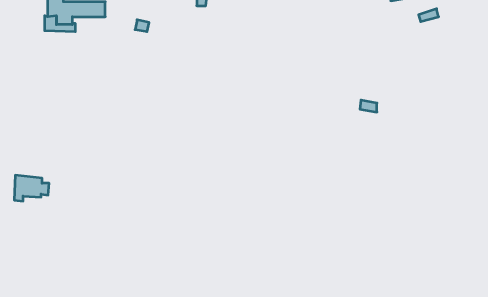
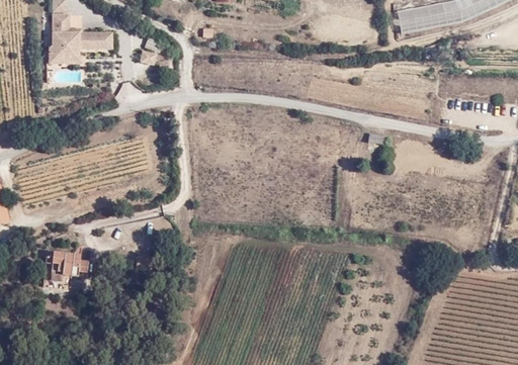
building: [14,175,49,201] -> [54,250,89,276]

